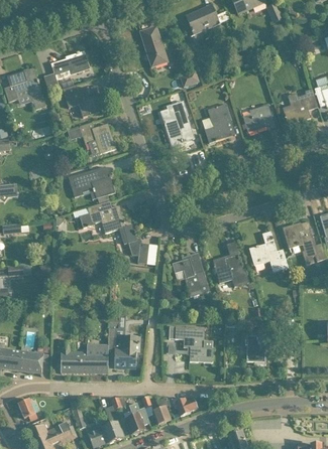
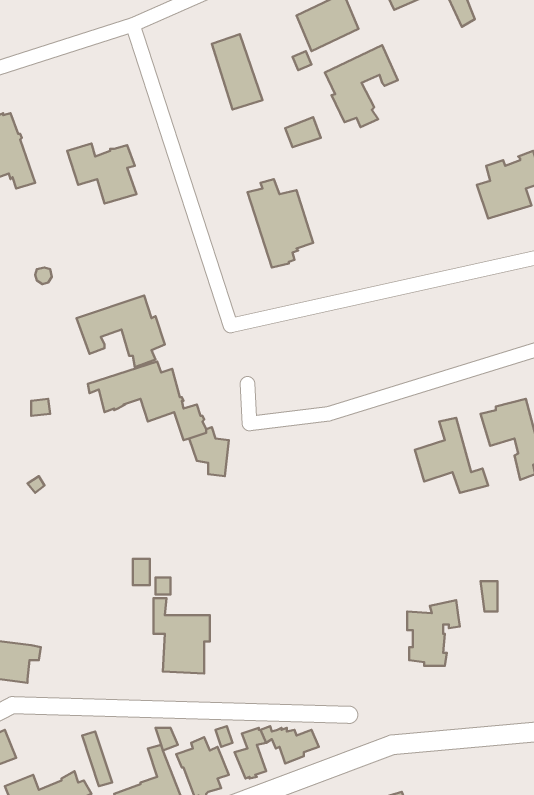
building: none -> [325,45,398,127]
building: [42,50,89,94] -> none
building: [201,104,235,143] -> none
building: [242,104,276,132] -> none
building: [67,122,115,153] -> none
building: [211,242,249,287] -> none
building: [172,253,209,297] -> none
building: [175,327,211,362] -> none
building: [60,342,106,373] -> none

